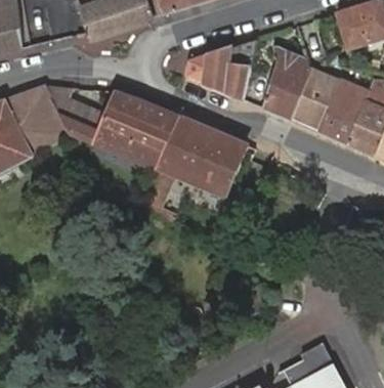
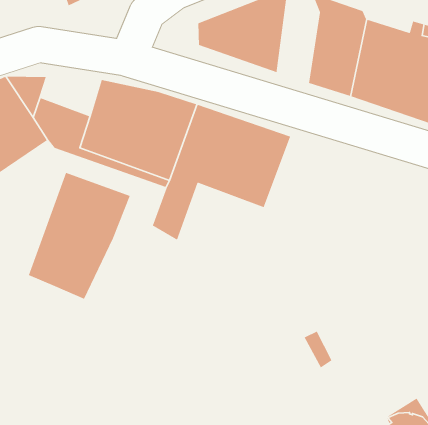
building: none -> [28,172,131,300]

